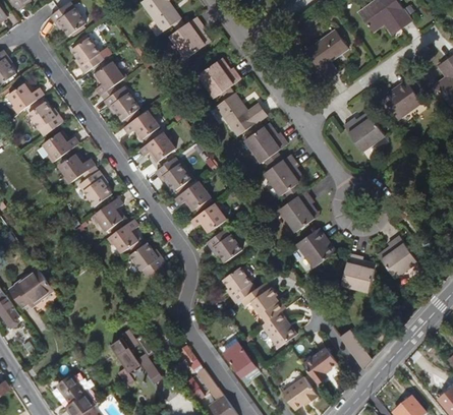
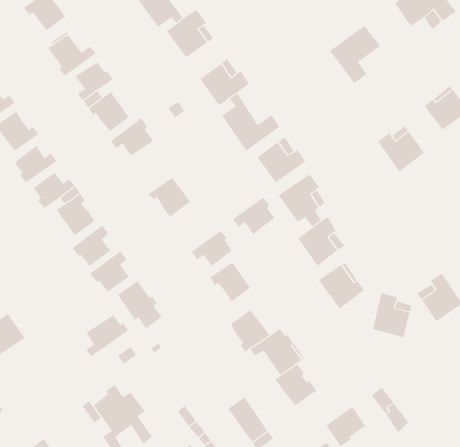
building: [138,129,174,160] -> none
building: [174,178,210,210] -> [232,197,275,235]
building: none -> [85,315,129,357]

